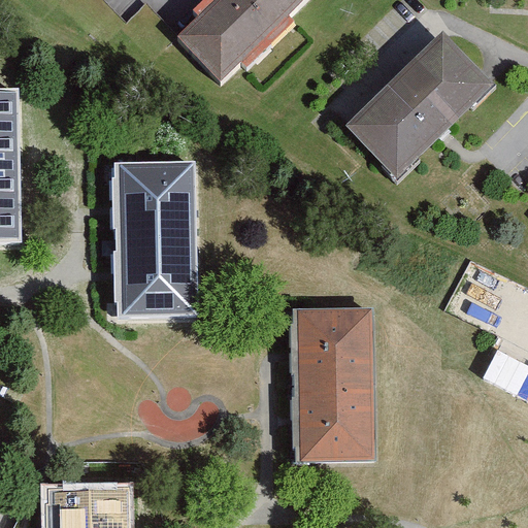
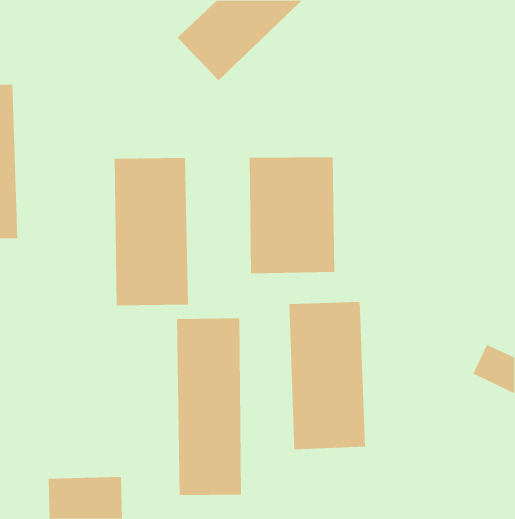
building: [350,35,498,183] -> none
building: none -> [249,156,335,274]
building: none -> [177,318,241,496]

